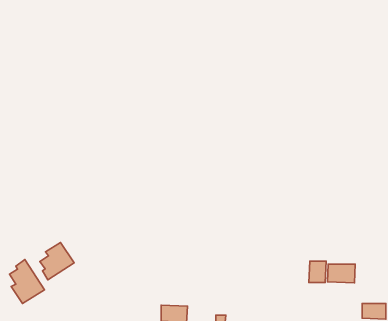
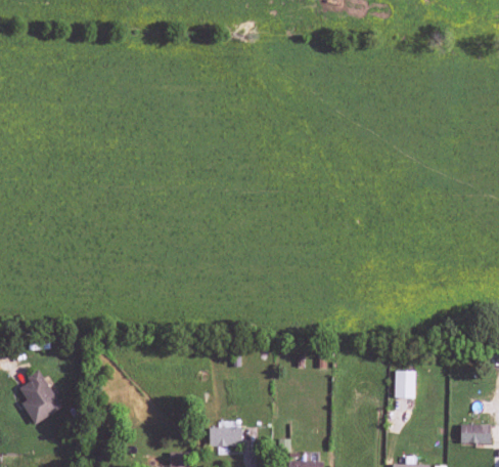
building: [40,242,74,280] -> none
building: [327,264,355,283] -> none

